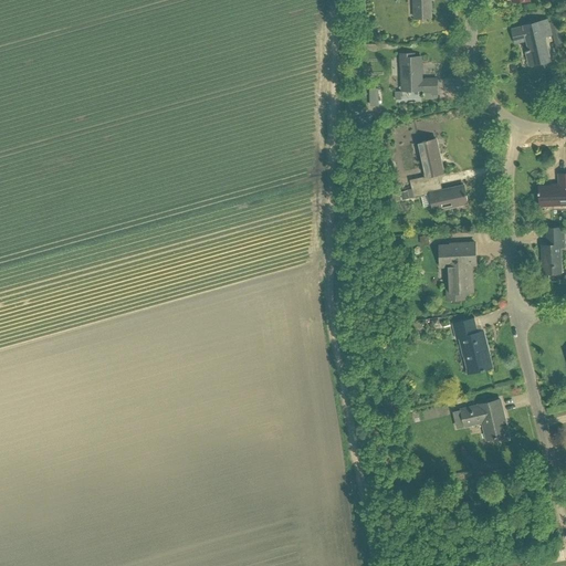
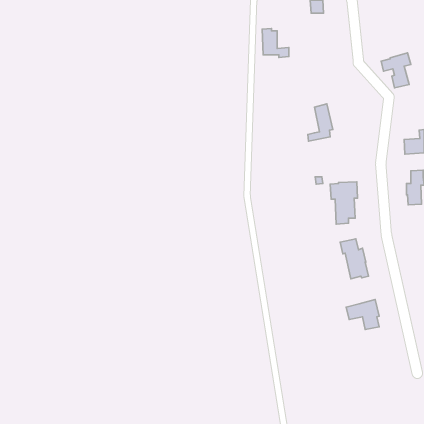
building: [512,19,552,65] -> [381,53,411,88]
building: [401,53,437,92] -> [262,28,289,57]
building: [411,182,468,210] -> none

